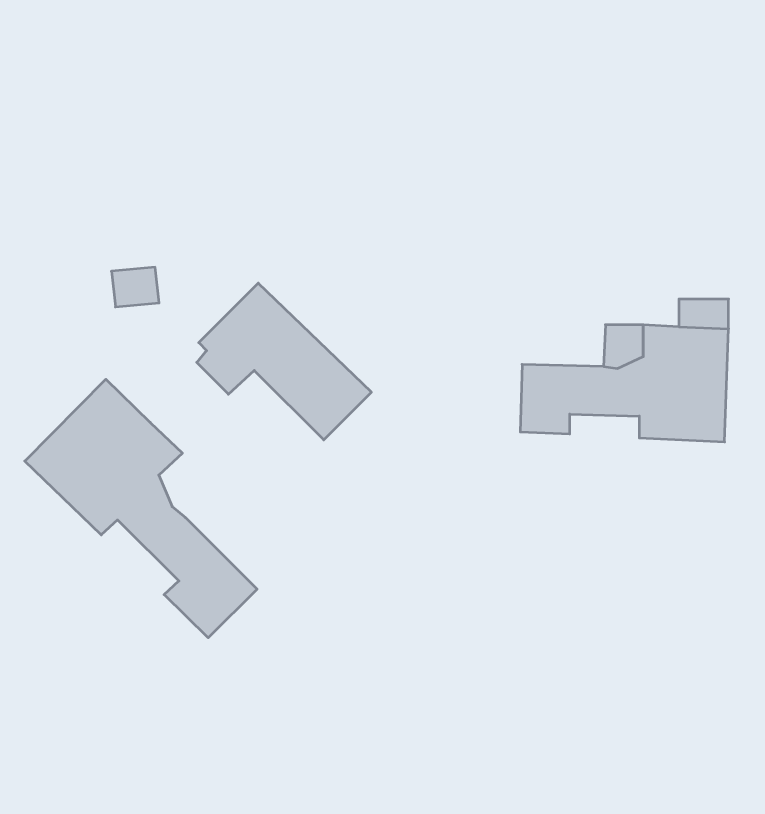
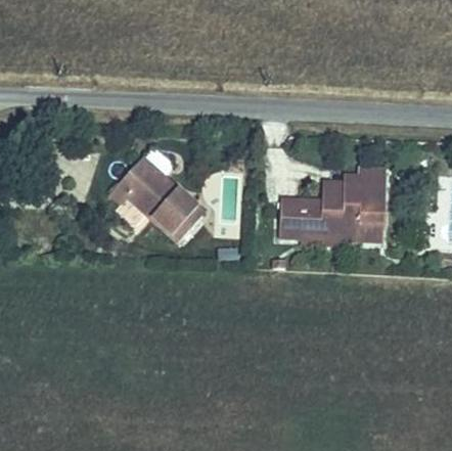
building: [25,379,257,638] -> none

